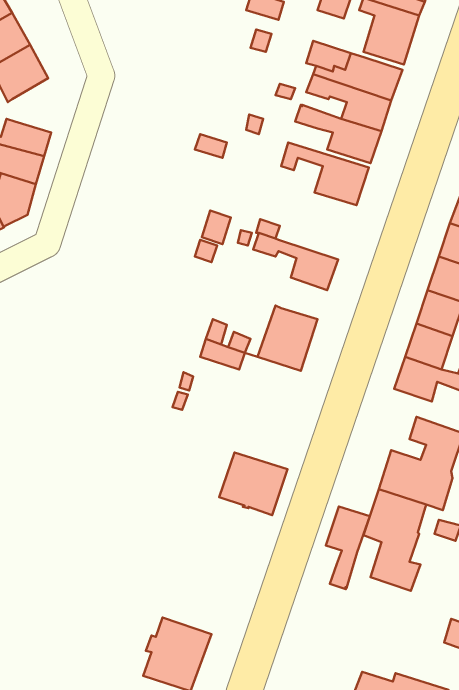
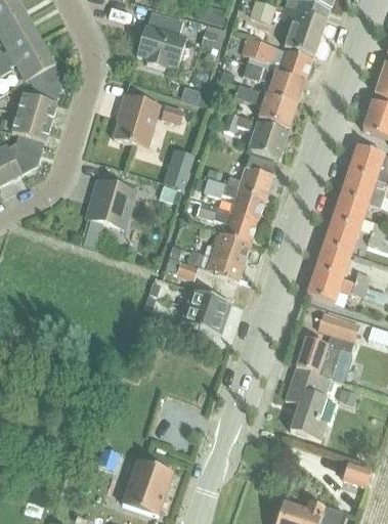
building: none -> [136,11,186,68]
building: none -> [27,64,62,104]
building: none -> [114,93,161,147]
building: none -> [222,152,277,198]
building: none -> [88,179,135,227]
building: none -> [197,201,258,242]
building: [219,452,288,515] -> [181,289,231,335]
building: [326,507,370,589] -> none

